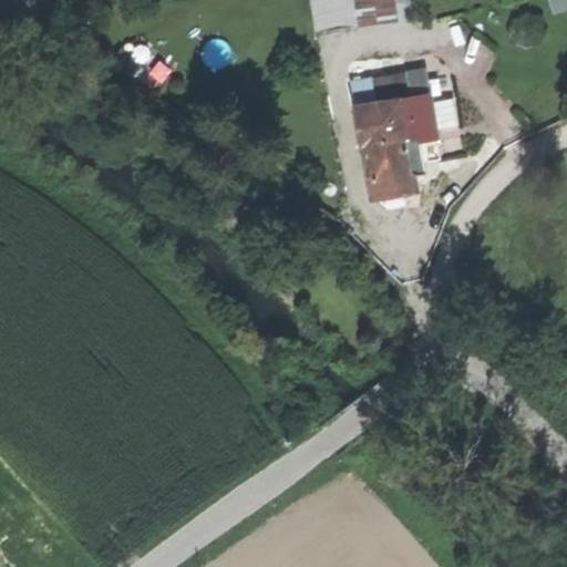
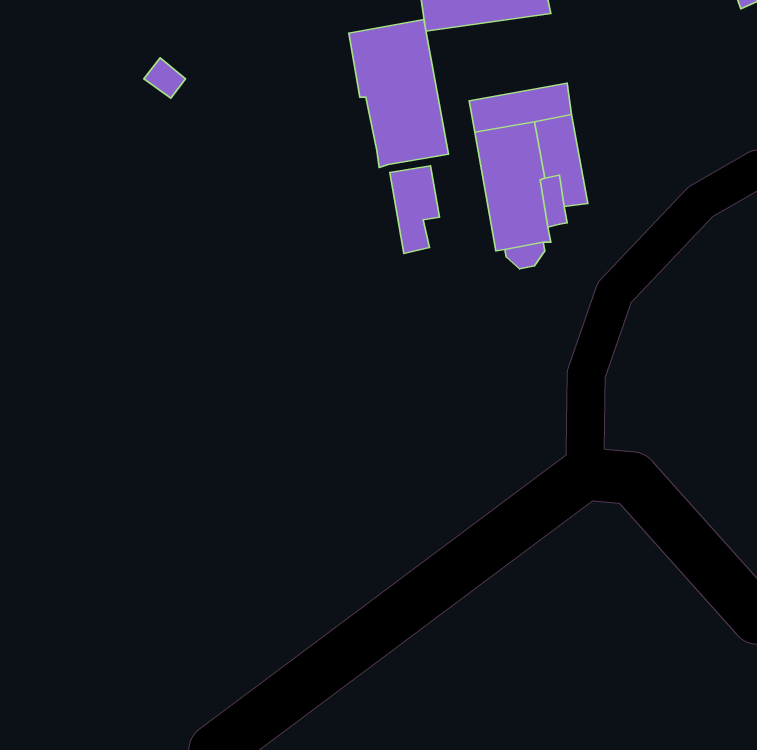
building: none -> [349,19,448,168]
building: none -> [390,166,439,253]

